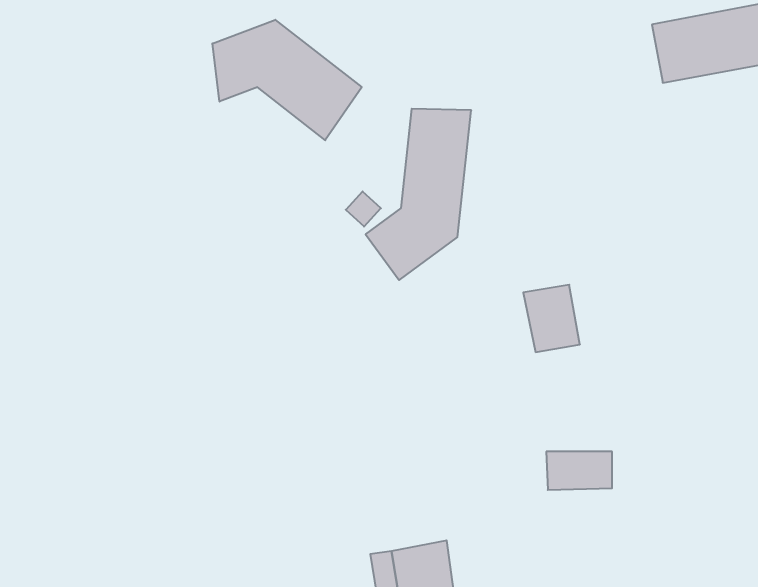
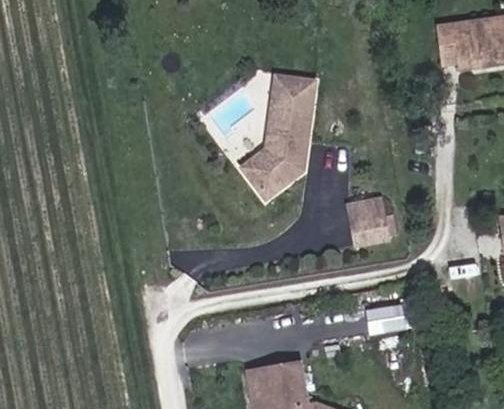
building: [212,20,362,140] -> none

